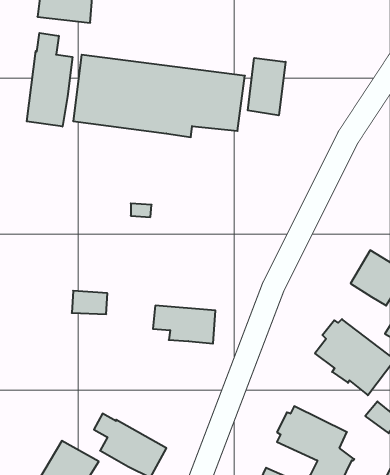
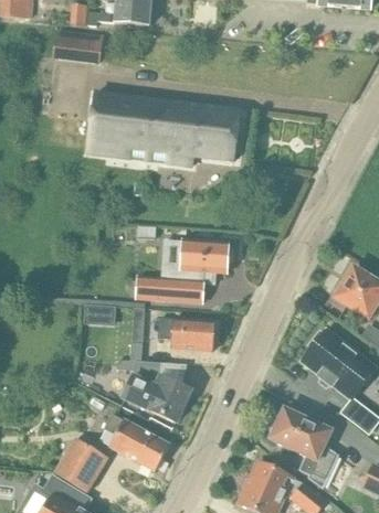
building: [27,33,72,127] -> none
building: [248,58,286,115] -> none
building: none -> [135,239,233,304]
building: none -> [117,343,190,423]

